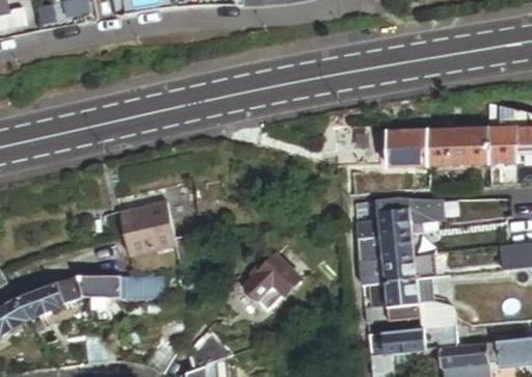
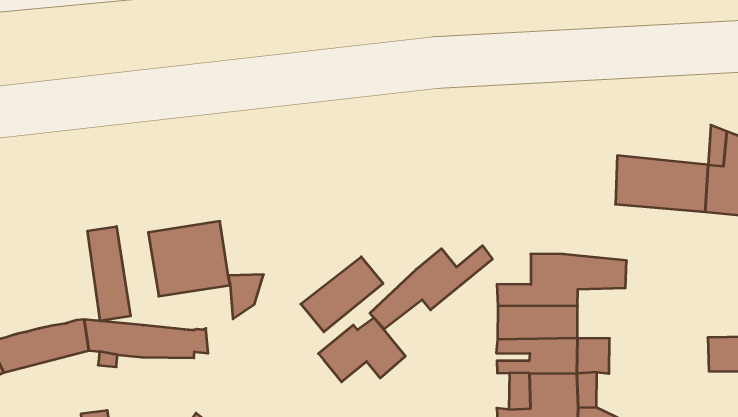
building: [389,129,431,162] -> none
building: none -> [370,246,492,329]
building: none -> [88,226,131,321]
building: none -> [301,257,383,332]

